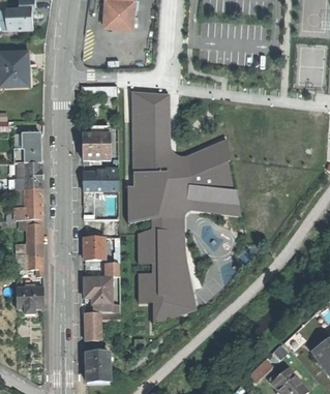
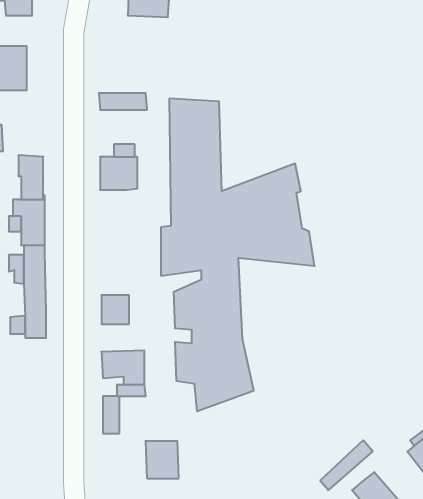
building: [83,168,119,190] -> none
building: [17,286,43,307] -> none
building: [85,354,110,382] -> [145,441,179,478]

